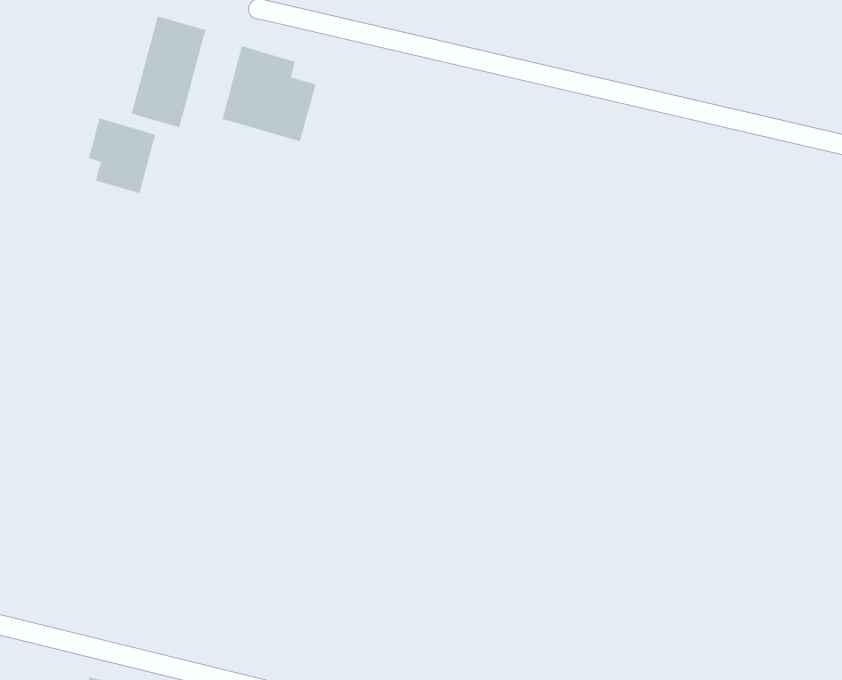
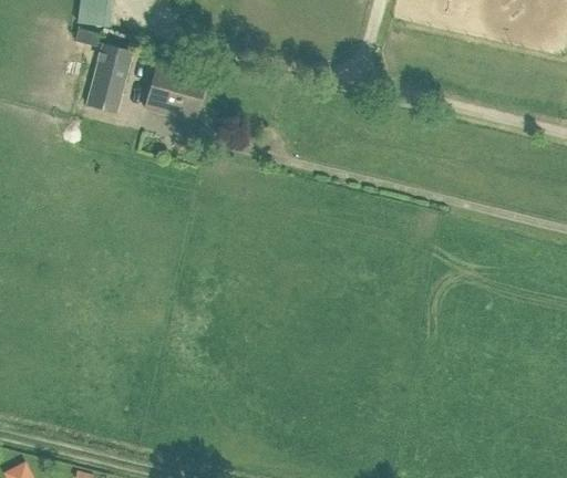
building: [88,118,156,194] -> none

